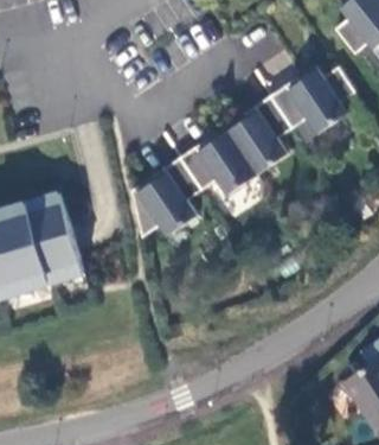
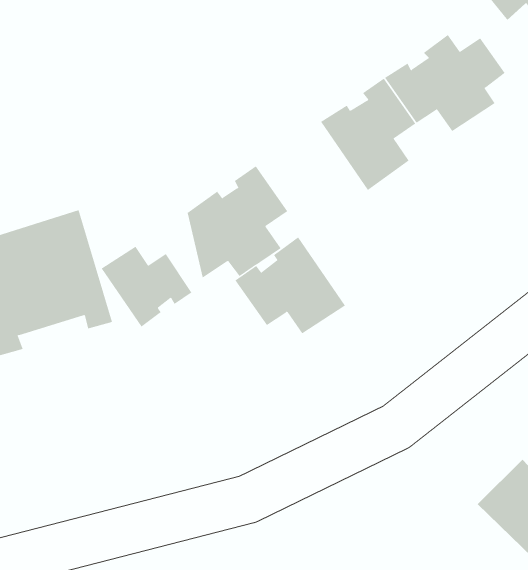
building: [182,129,261,198] -> [234,237,346,334]
building: none -> [101,246,192,327]

